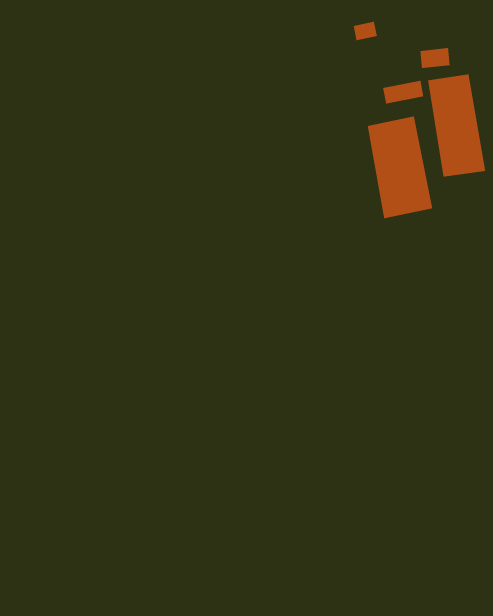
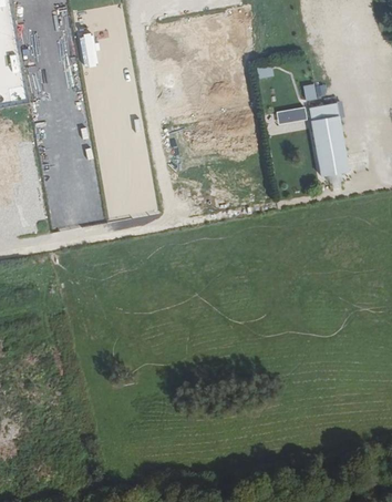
building: [367,116,433,219] -> none

